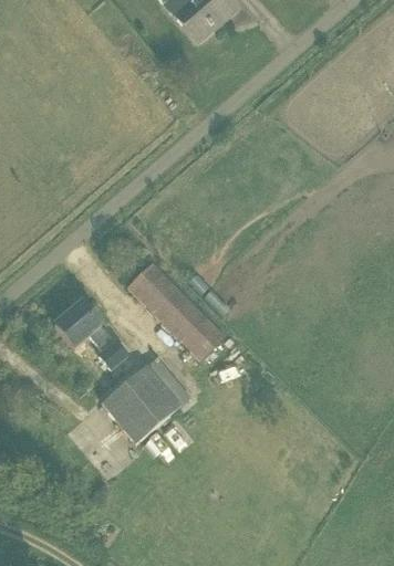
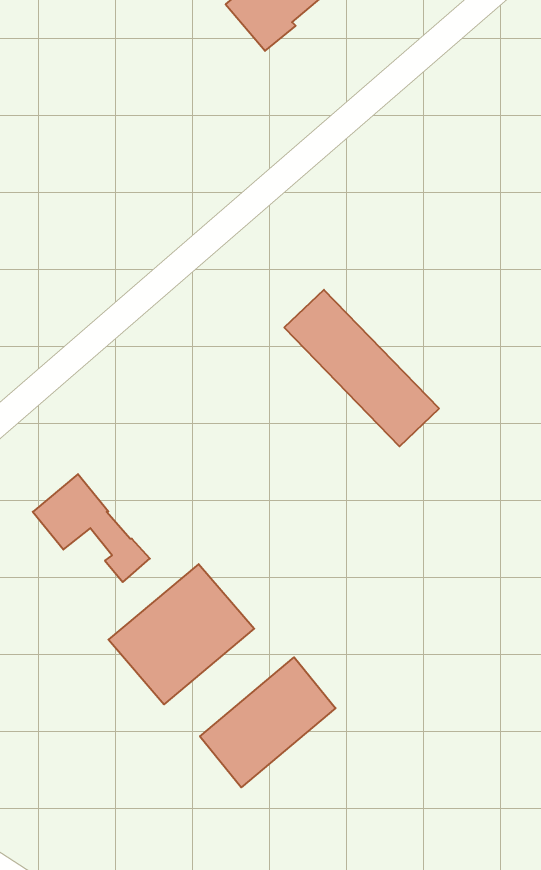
building: [127,262,222,358] -> [284,290,439,446]
building: none -> [200,657,336,787]

